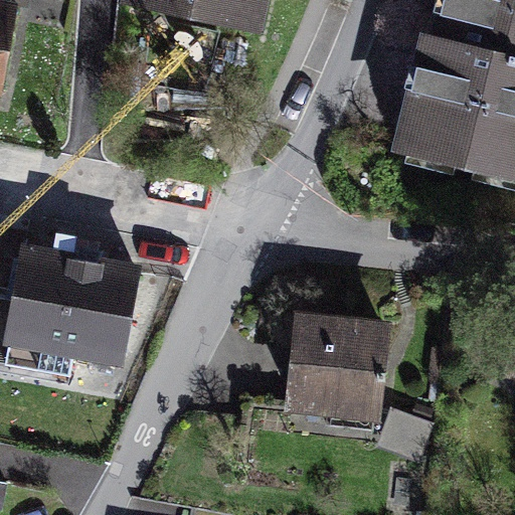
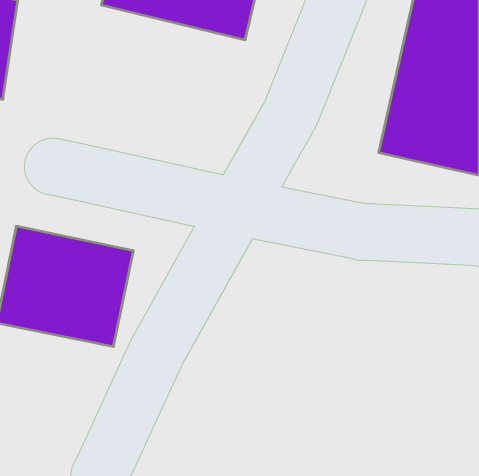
building: [283,313,391,418] -> none

